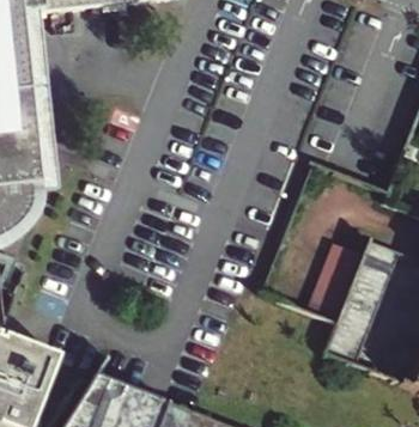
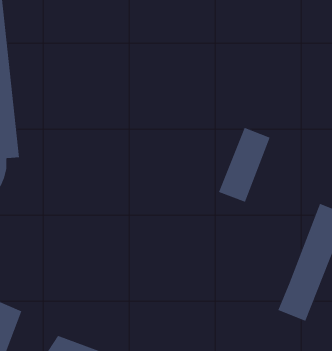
building: [311,243,366,322] -> [218,127,271,202]

